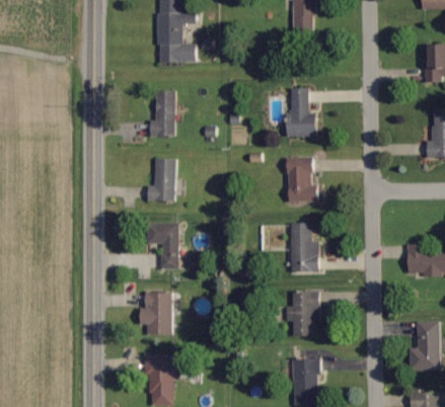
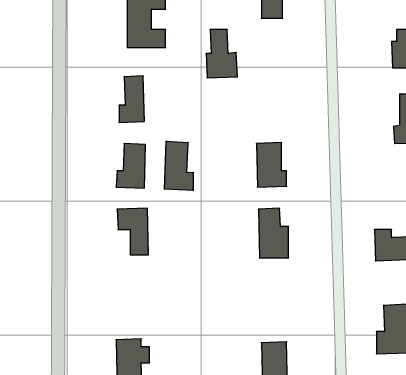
building: [287,89,318,138] -> [206,29,237,78]
building: none -> [164,141,193,191]
building: [285,291,320,336] -> none
building: [141,292,172,334] -> none

